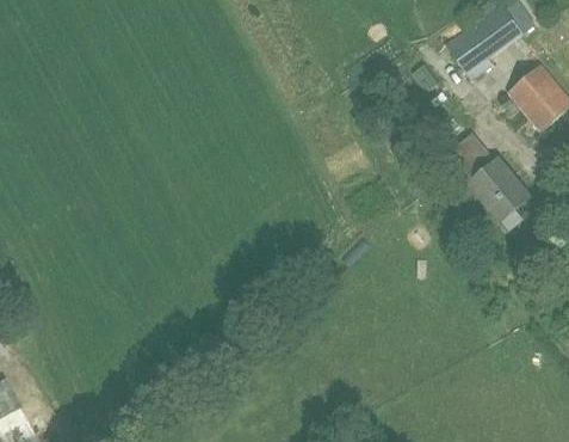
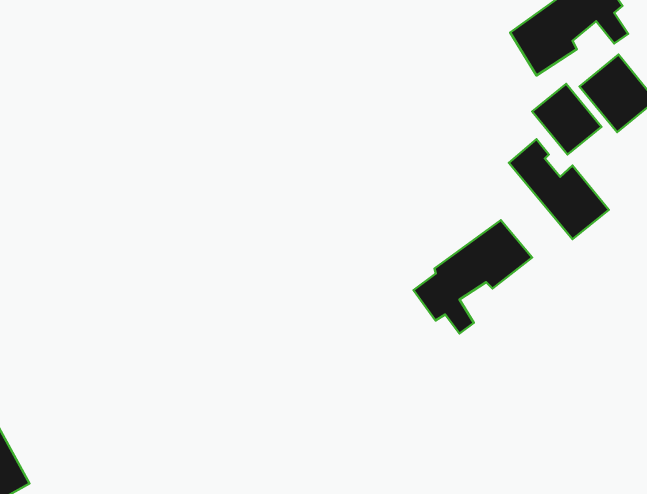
building: none -> [532,84,601,155]
building: none -> [413,220,532,333]

